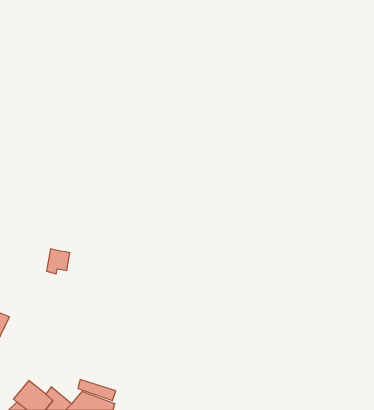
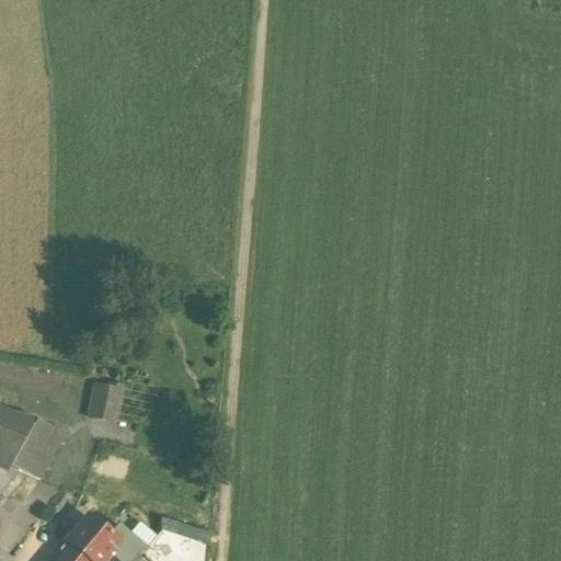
building: [47,249,70,274] -> [87,385,118,419]

